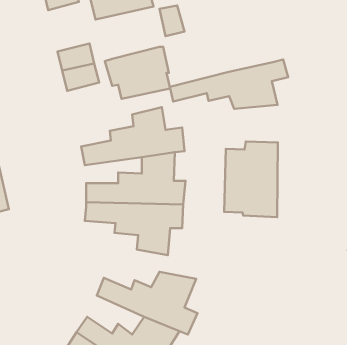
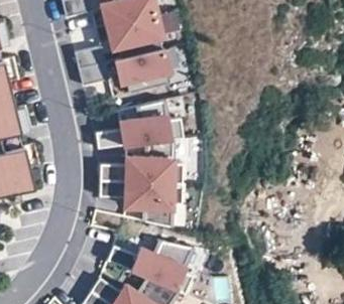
building: none -> [107,14,161,58]
building: [170,60,288,109] -> none
building: [224,142,278,217] -> none

